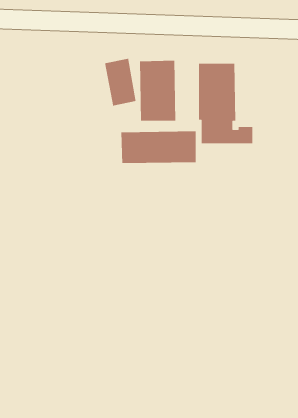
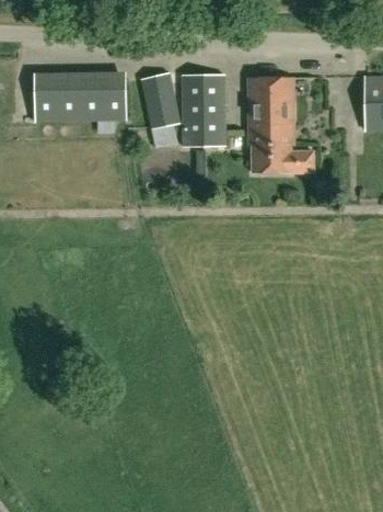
building: none -> [34,70,124,121]
building: [120,131,196,164] -> none

